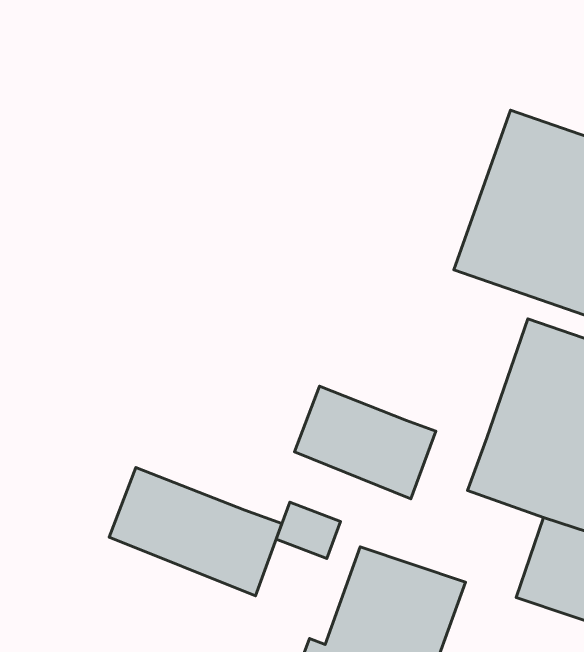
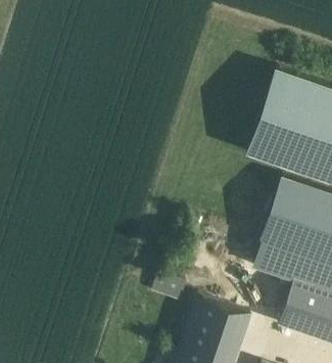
building: [294,386,436,499] -> none
building: [109,467,282,596] -> none

